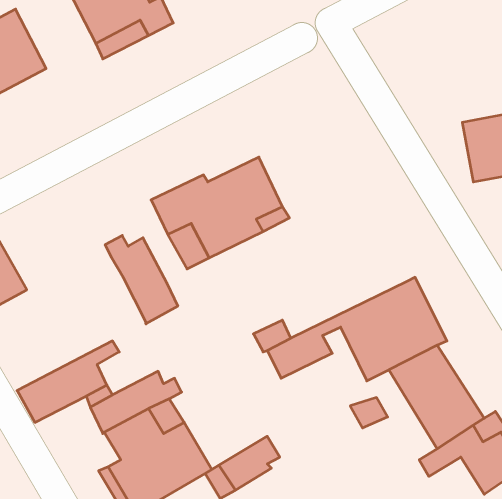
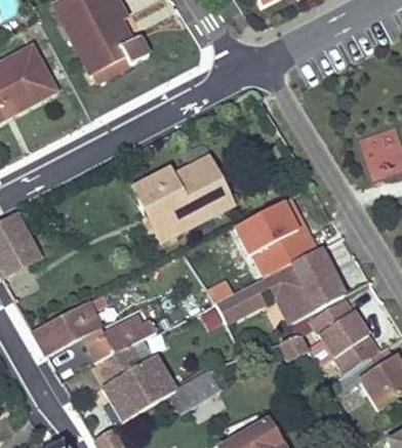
building: none -> [238,197,321,276]
building: [105,235,178,324] -> none

